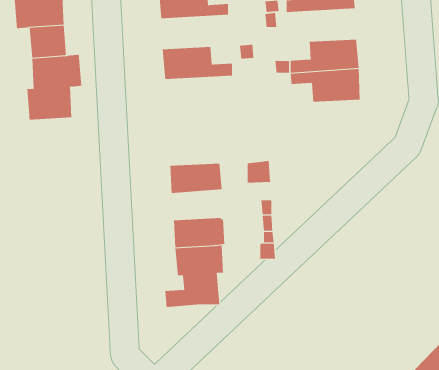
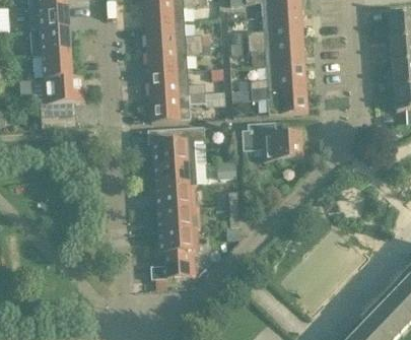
building: none -> [248,39,304,65]
building: none -> [147,44,203,71]
building: none -> [150,92,206,121]
building: none -> [242,122,302,165]
building: none -> [153,127,203,164]
building: none -> [155,184,197,208]

